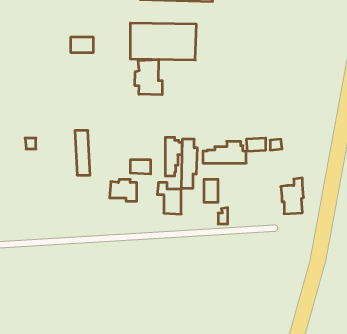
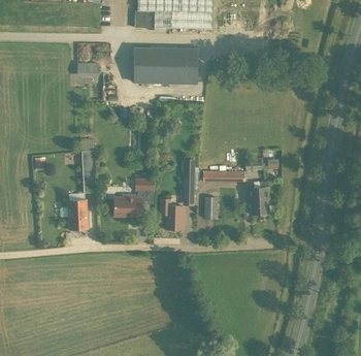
building: [135,59,162,95] -> none
building: [165,137,182,176] -> none
building: [281,178,304,214] -> [248,181,269,215]
building: none -> [60,200,88,230]

